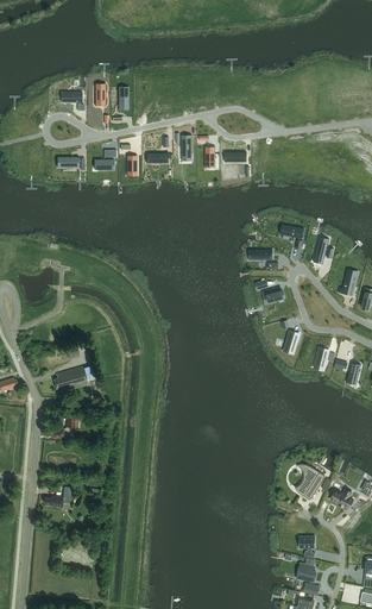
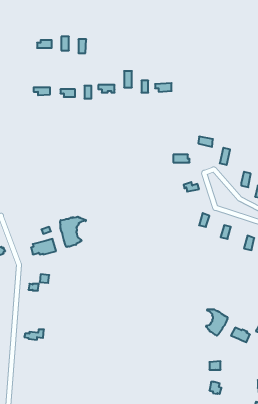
building: none -> [60,217,86,247]

